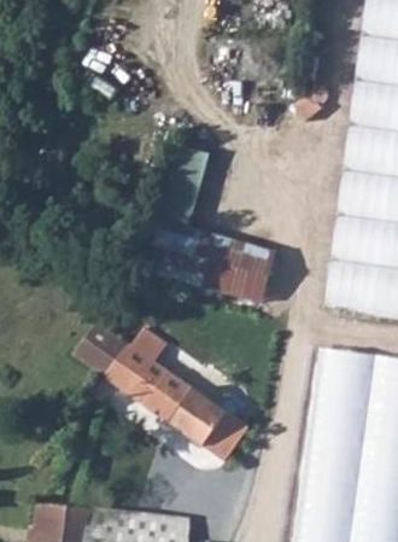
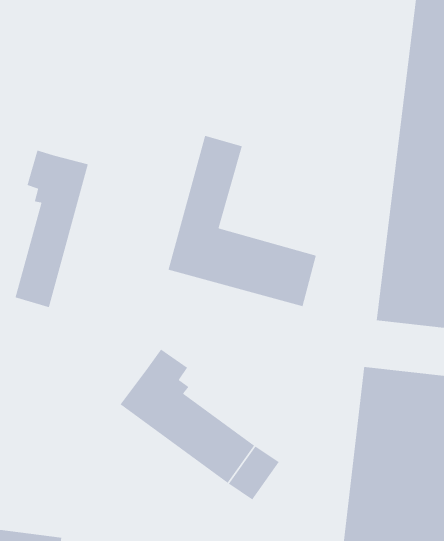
building: none -> [14,150,89,308]
building: [74,316,130,378] -> none

